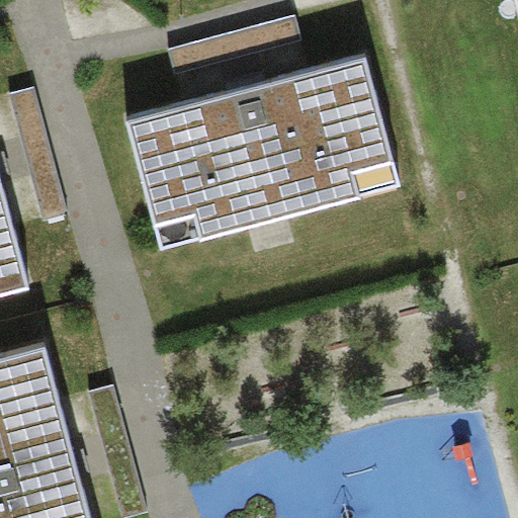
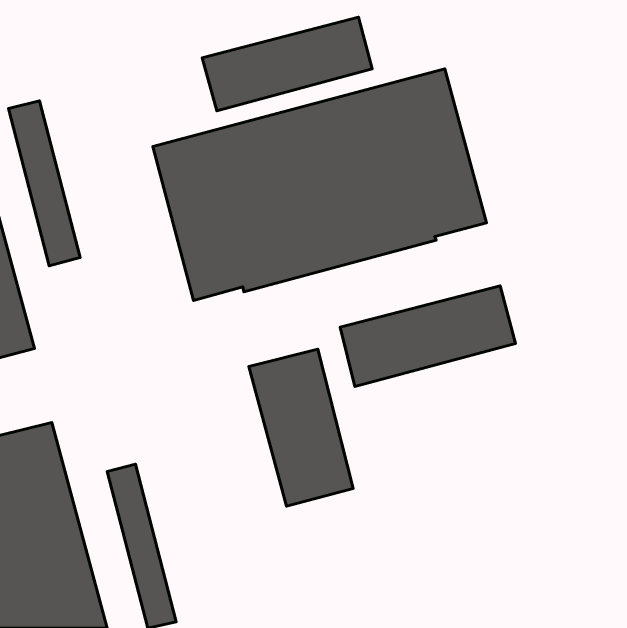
building: none -> [340,286,515,386]
building: none -> [249,349,353,506]

